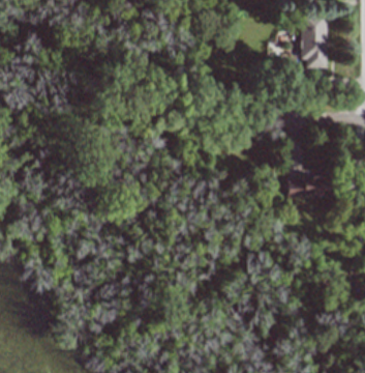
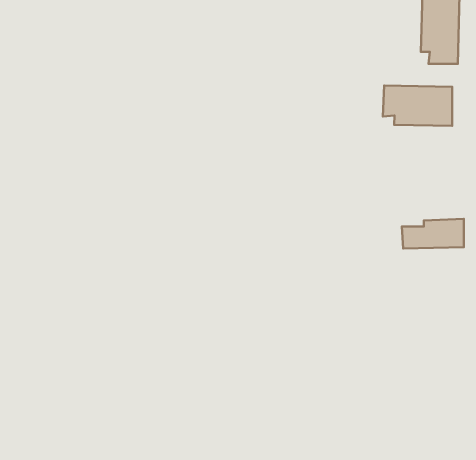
building: none -> [383,85,452,126]

